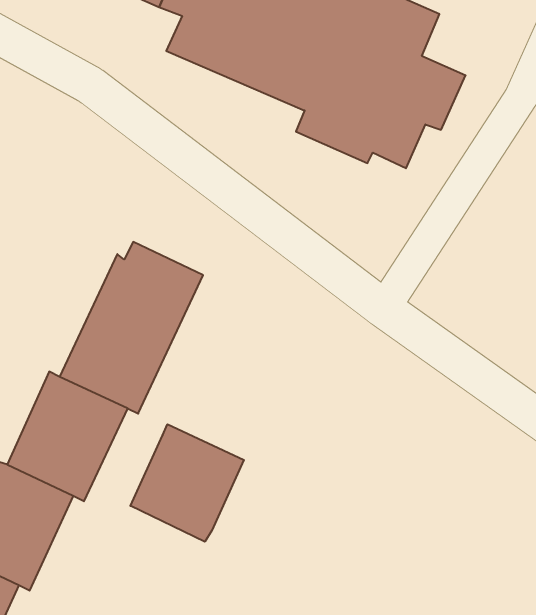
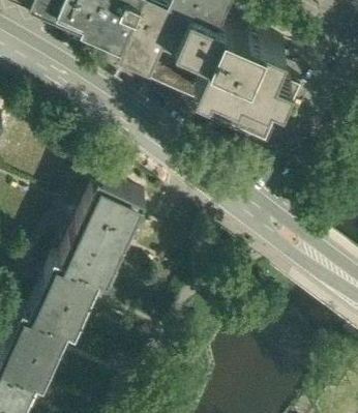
building: [130,424,244,542] -> none

